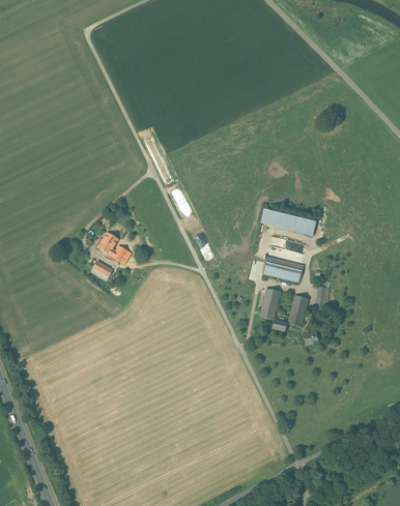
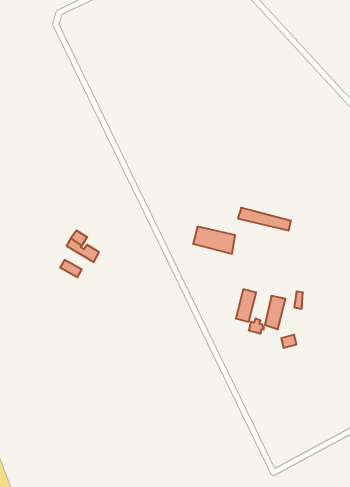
building: [262,256,303,281] -> [193,227,235,254]

